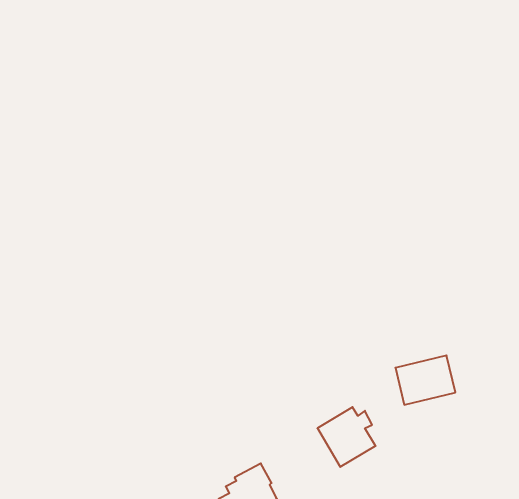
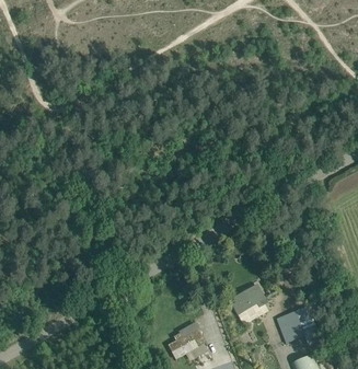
building: [395,355,455,405] -> [277,307,314,337]

